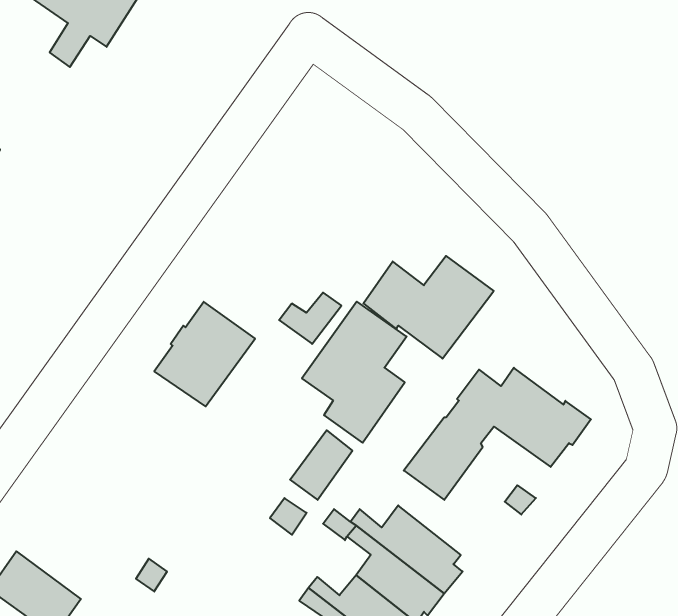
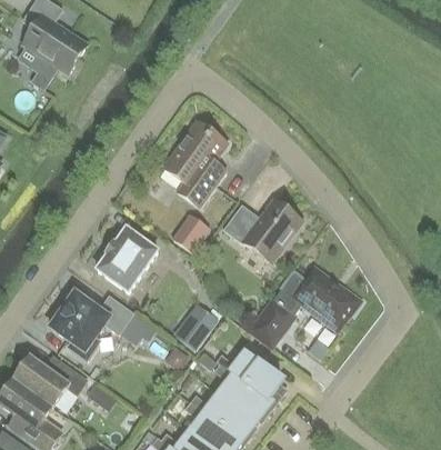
building: [302,302,407,443] -> [162,121,225,207]
building: none -> [49,292,148,359]
building: none -> [12,357,83,408]

